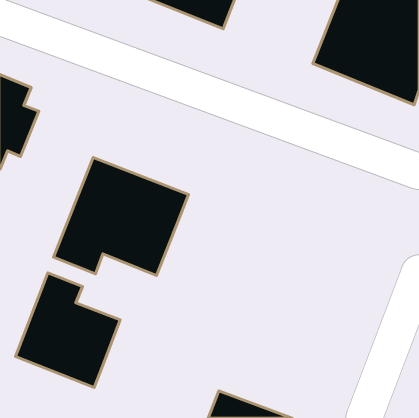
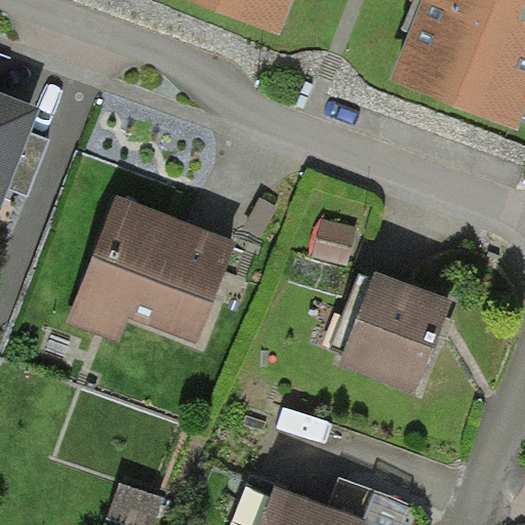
building: none -> [338,272,451,393]
building: [16,273,120,388] -> none

